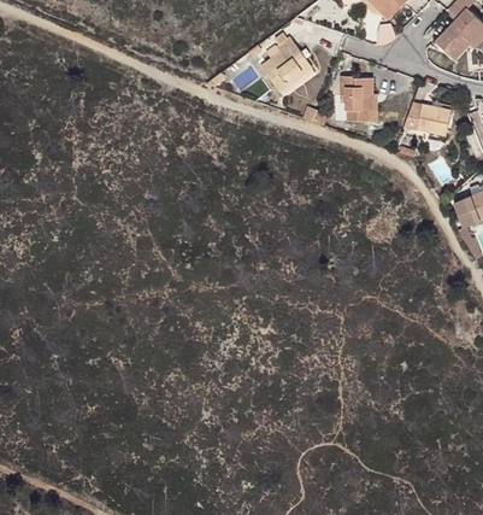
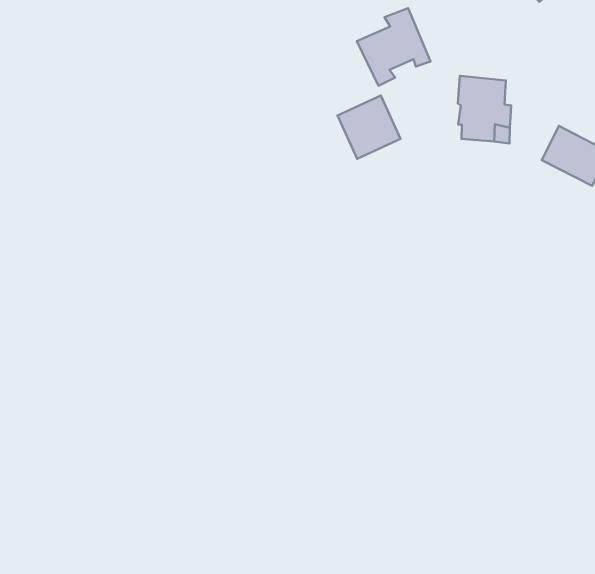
building: none -> [338,95,400,159]

